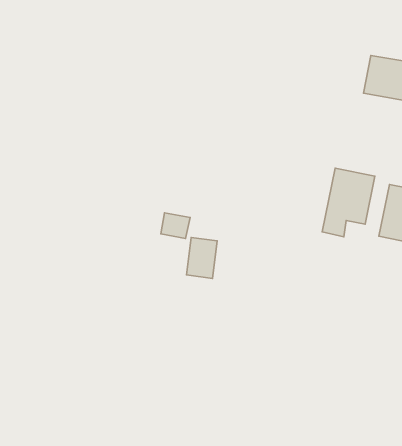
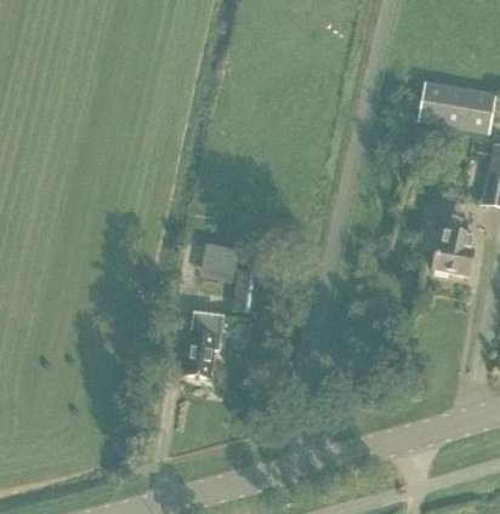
building: [322,168,375,237] -> none
building: none -> [184,313,222,377]

